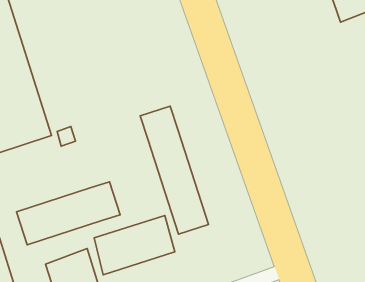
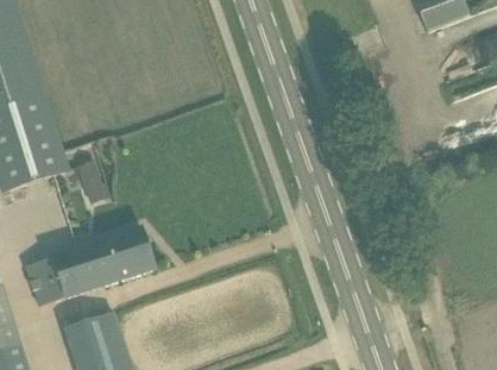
building: [140,106,208,234] -> none
building: [94,215,175,275] -> none

